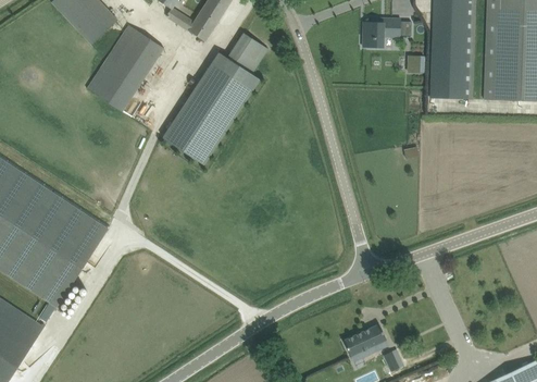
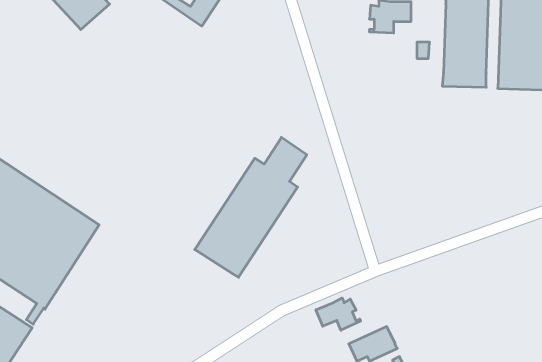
building: [85,25,163,113] -> none
building: [162,33,267,164] -> [195,137,307,277]
building: none -> [316,298,361,330]

